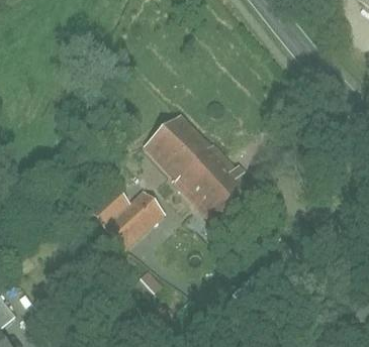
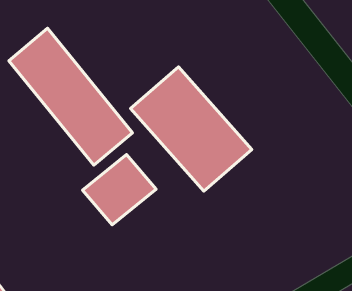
building: none -> [9,28,133,165]

